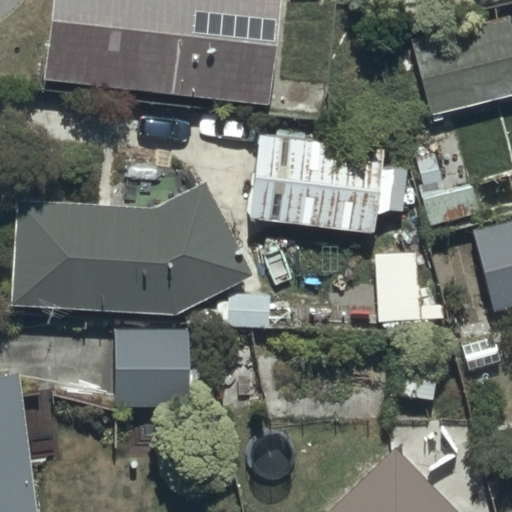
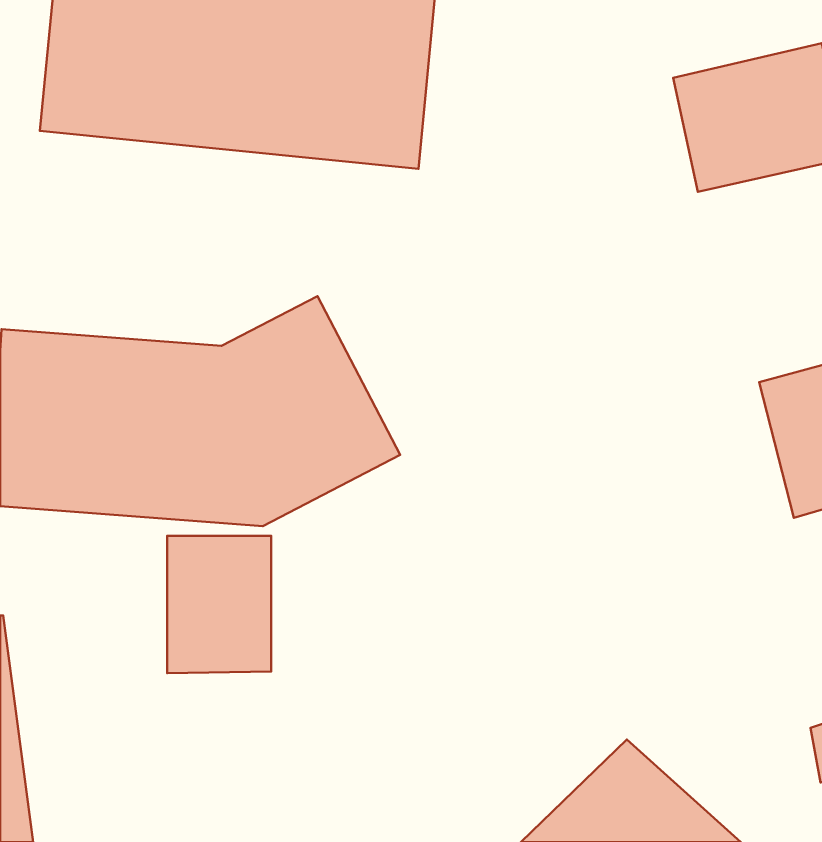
building: [252,140,409,232] -> none

